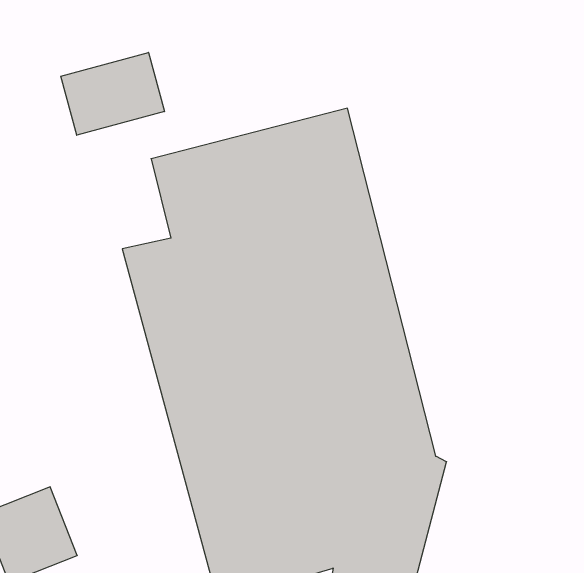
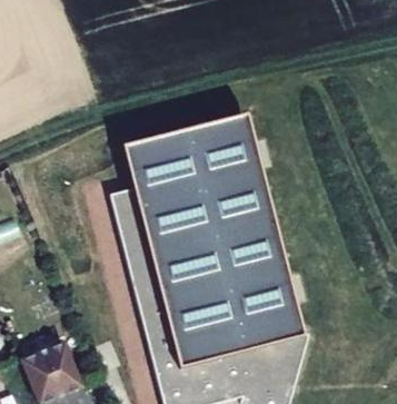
building: [61,52,164,135] -> none

